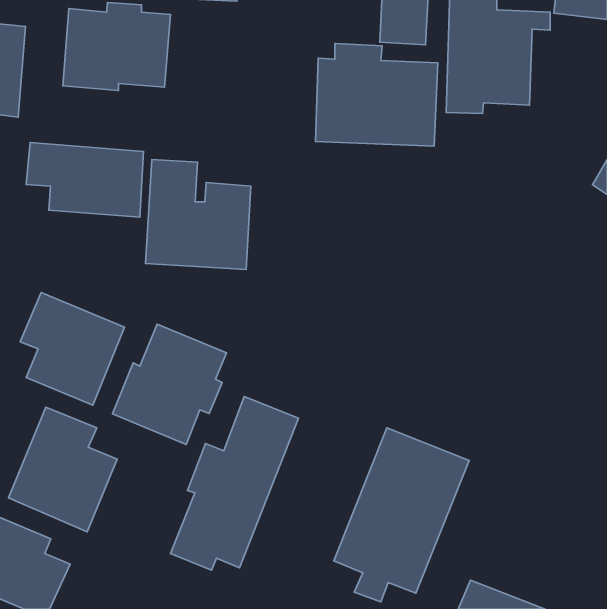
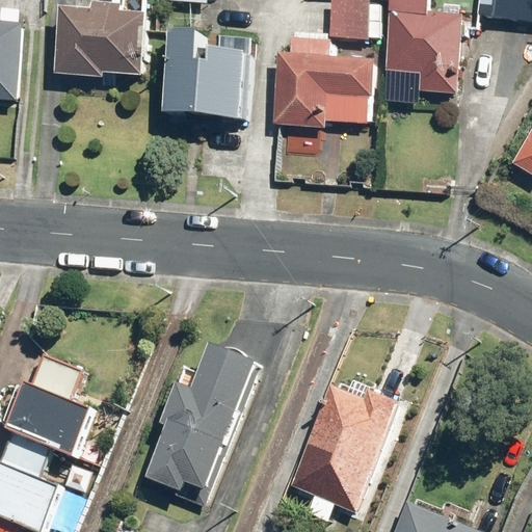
building: [26,142,144,217] -> none
building: [146,160,251,270] -> [159,28,249,123]
building: [20,292,124,405] -> none
building: [112,324,226,444] -> none

